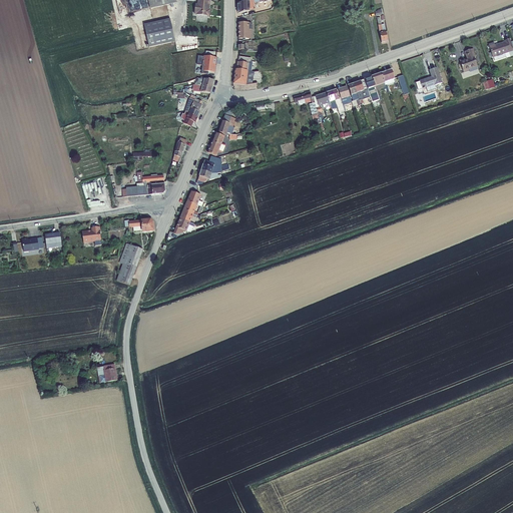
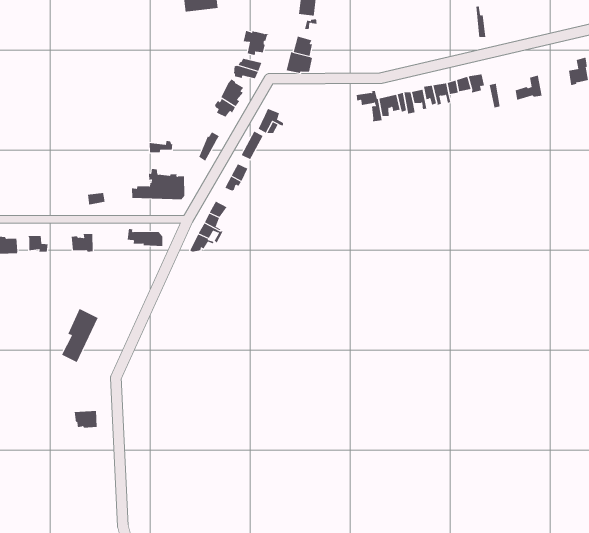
building: [116,243,142,287] -> [61,308,99,363]

